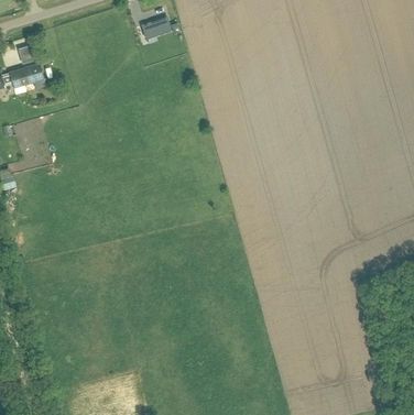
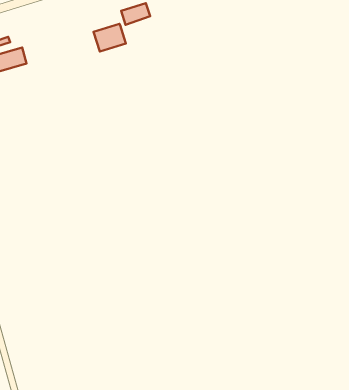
building: none -> [93,24,126,52]

